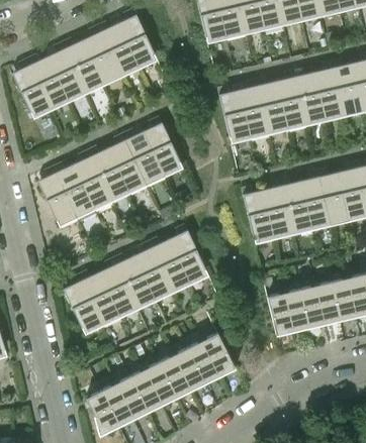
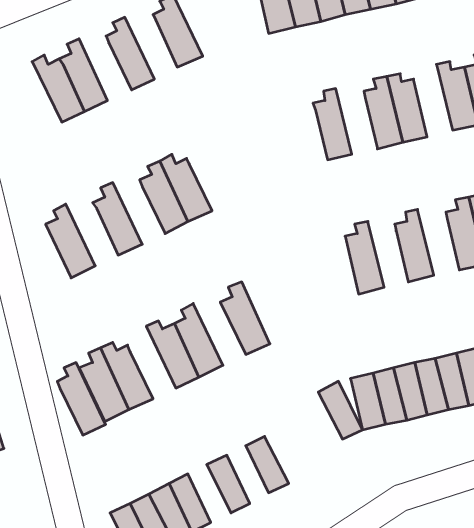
building: [97,25,136,77] -> none
building: [63,42,102,93] -> none
building: [12,64,50,118] -> none
building: [314,66,344,120] -> none
building: [256,81,287,133] -> none
building: [217,90,250,142] -> none
building: [144,121,181,176] -> none
building: [88,150,127,201] -> none
building: [53,167,92,217] -> none
building: [317,173,349,224] -> none
building: [280,182,310,233] -> none
building: [242,190,273,242] -> none
building: [149,241,188,292] -> none
building: [99,262,135,317] -> [57,363,106,435]
building: [202,337,236,380] -> [318,381,363,439]
building: [174,352,205,396] -> none
building: [145,366,177,410] -> none

